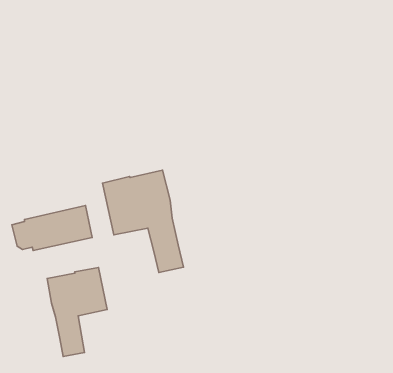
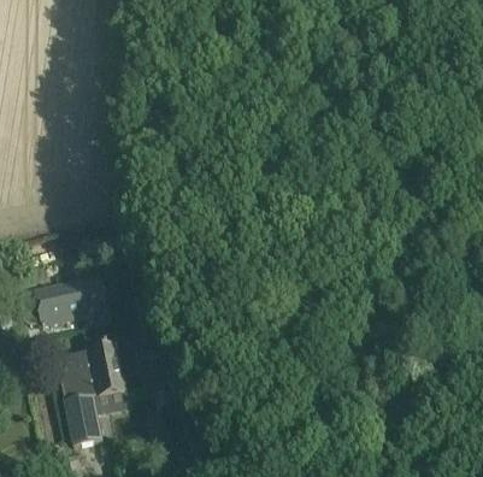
building: [102,170,184,273] -> none

